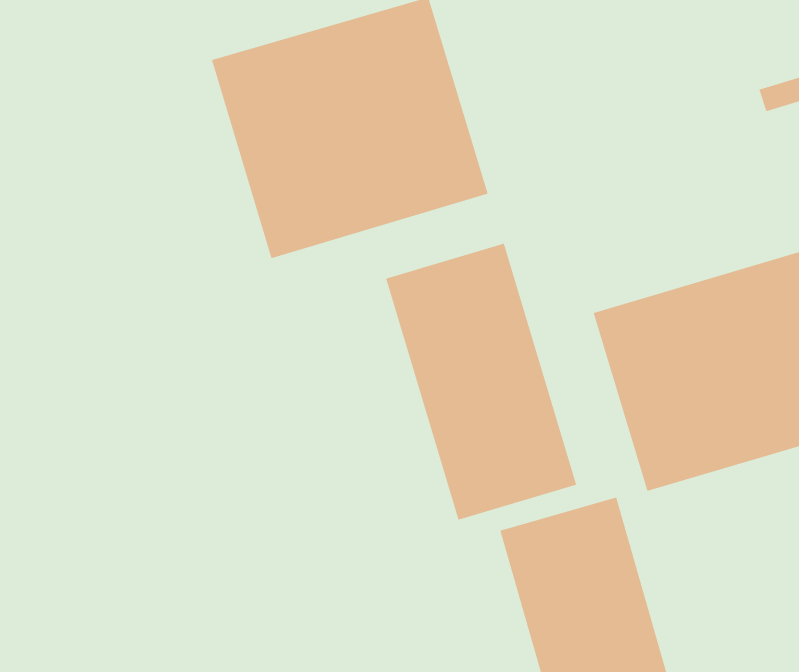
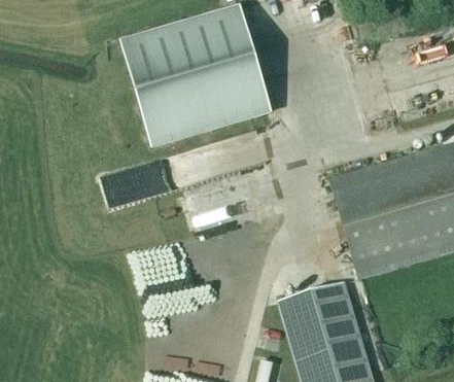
building: [385,243,577,521] -> none

